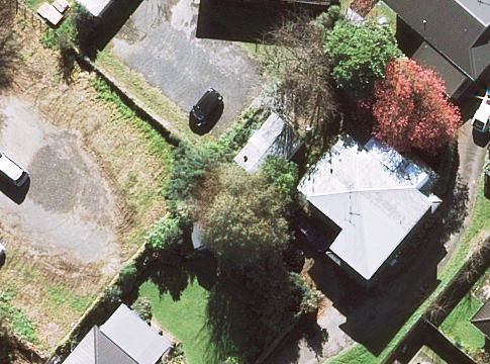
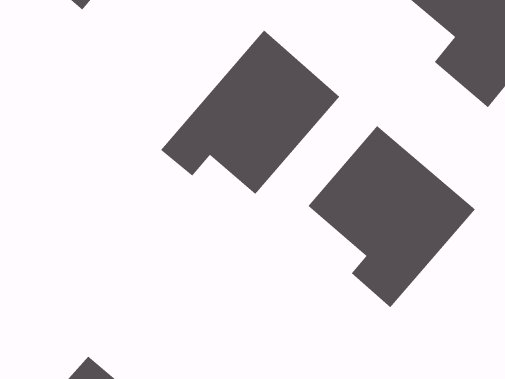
building: none -> [160,30,340,195]

